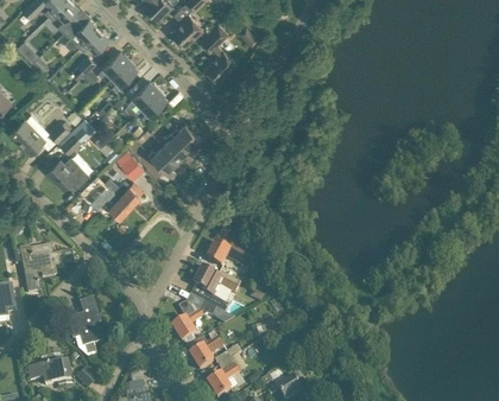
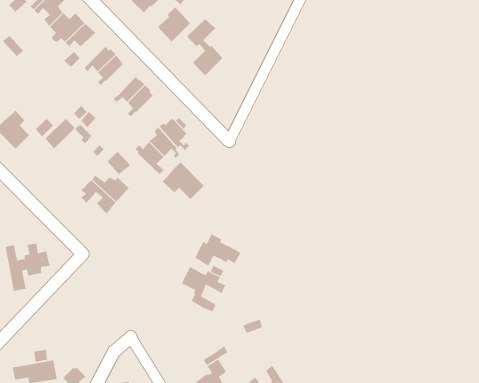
building: [46,153,88,186] -> none
building: none -> [162,162,204,200]
building: [65,297,101,356] -> none
building: [171,300,215,340] -> none
building: [189,330,222,369] -> none

